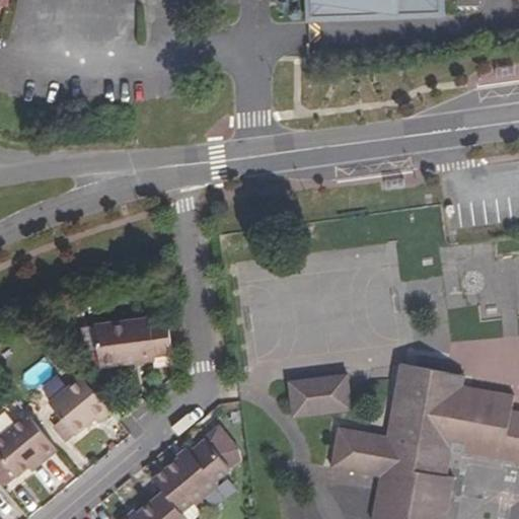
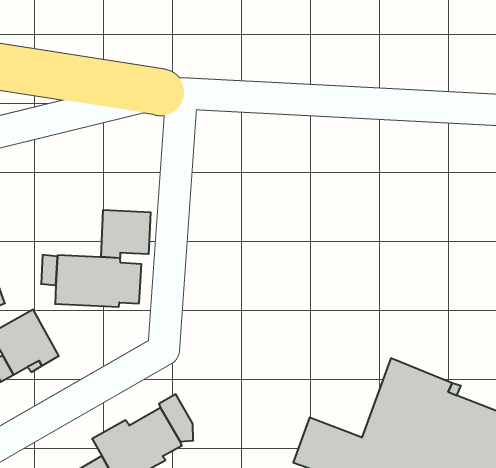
building: none -> [101,210,151,258]
building: [288,374,352,418] -> none

